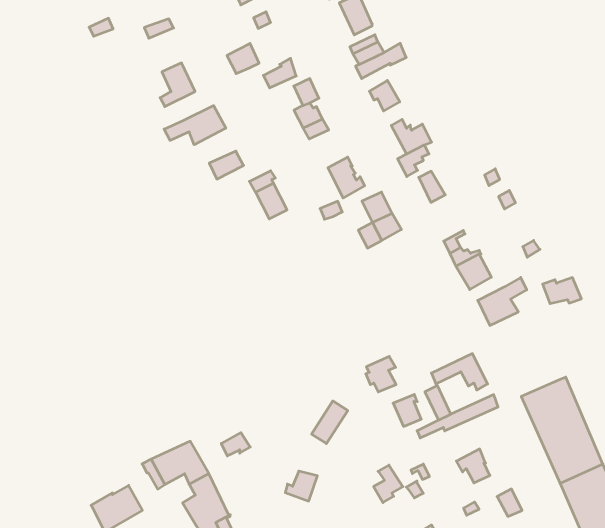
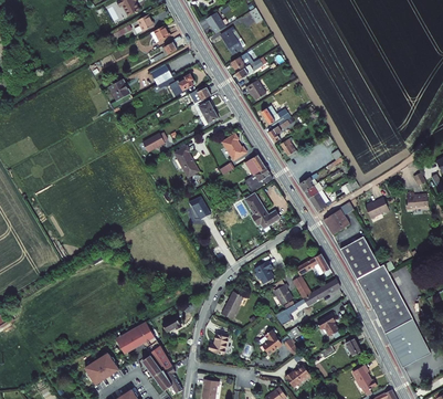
building: [164,106,226,145] -> none
building: none -> [245,193,278,229]
building: none -> [339,237,379,280]

